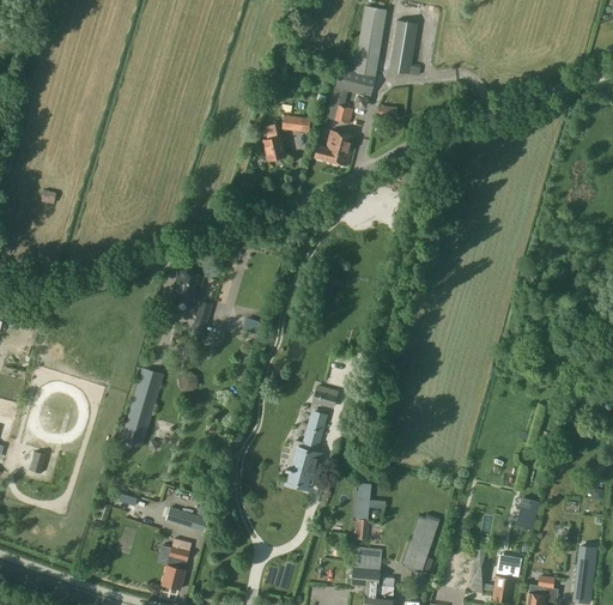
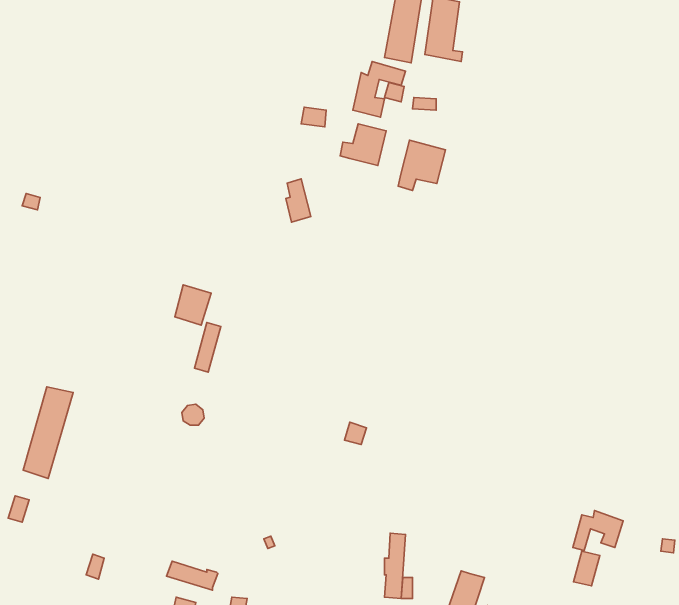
building: [263,123,285,161] -> [286,179,311,222]
building: none -> [398,140,445,190]
building: [121,368,164,447] -> [23,387,73,478]
building: [285,410,328,492] -> none
building: none -> [573,510,623,550]

